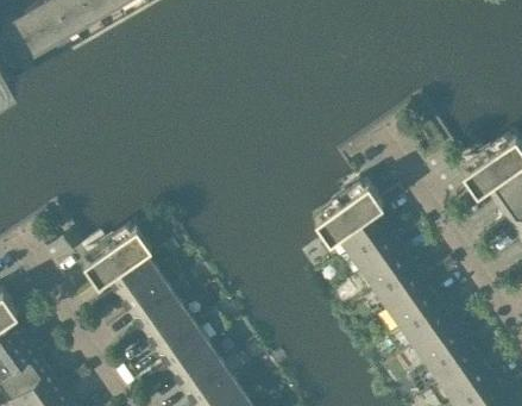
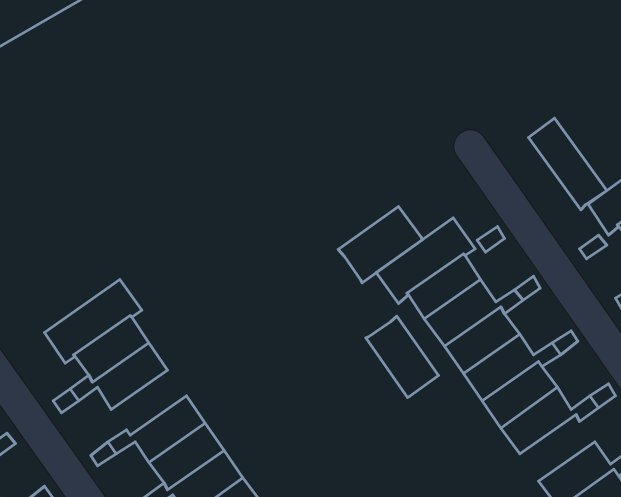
building: none -> [529,118,607,210]
building: none -> [338,207,422,283]
building: none -> [366,316,438,397]
building: [127,287,180,332] -> none
building: [411,318,464,364] -> none

